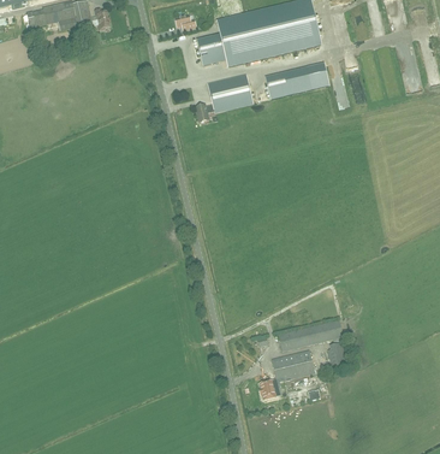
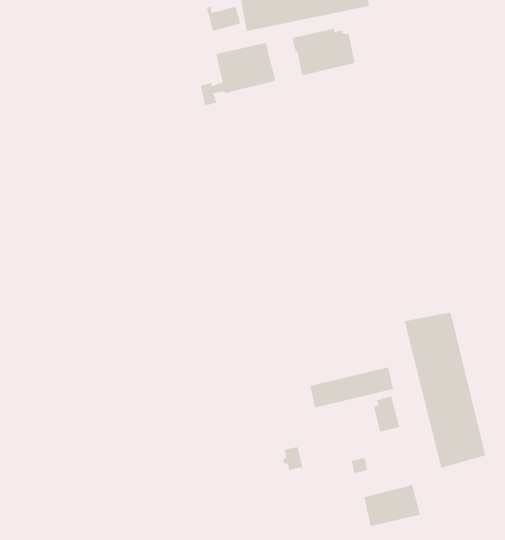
building: none -> [404,312,486,468]
building: [270,349,314,382] -> [364,485,421,528]

